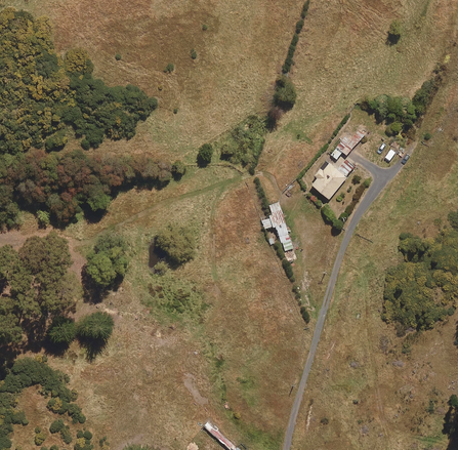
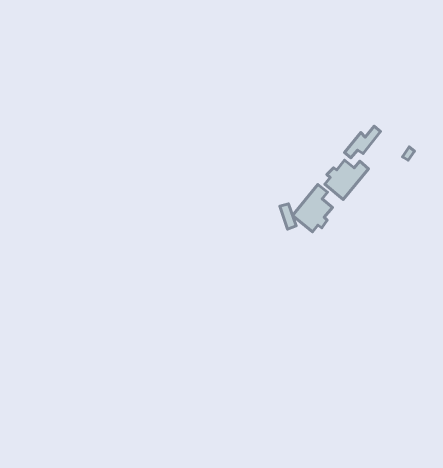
building: none -> [293,185,332,232]

